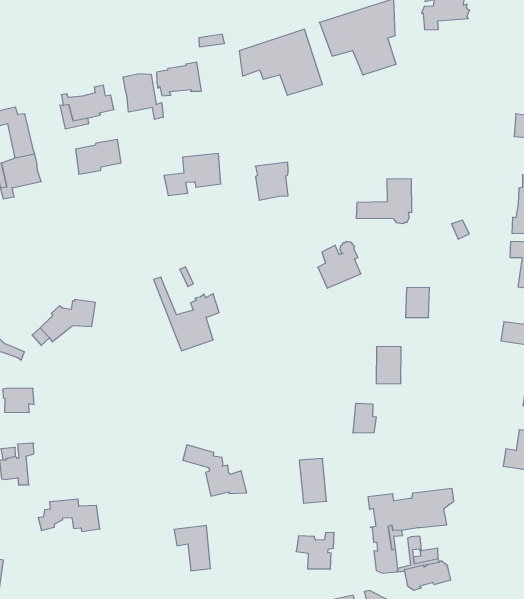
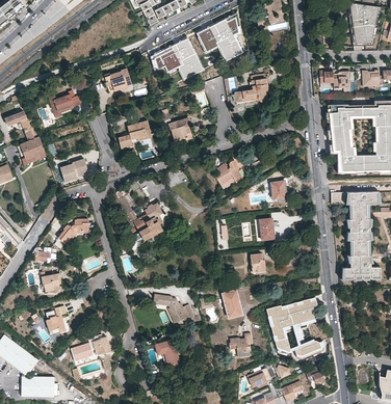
building: [123,74,163,119] -> none
building: [76,140,121,174] -> [60,158,88,182]
building: [356,179,412,224] -> [234,74,267,102]

